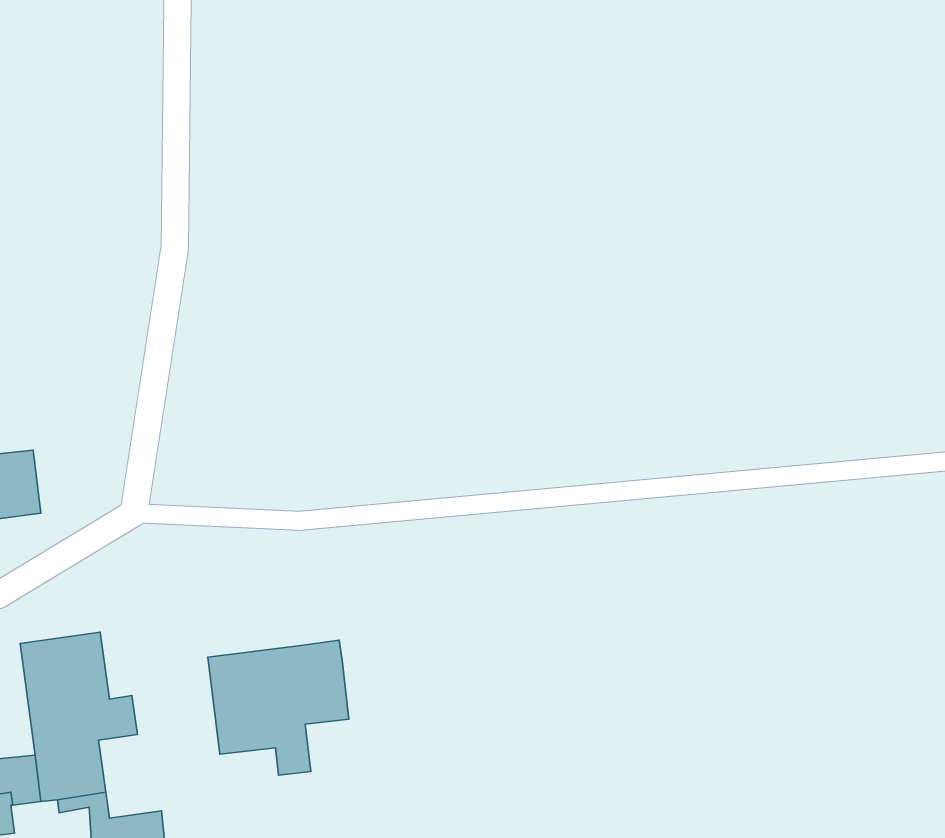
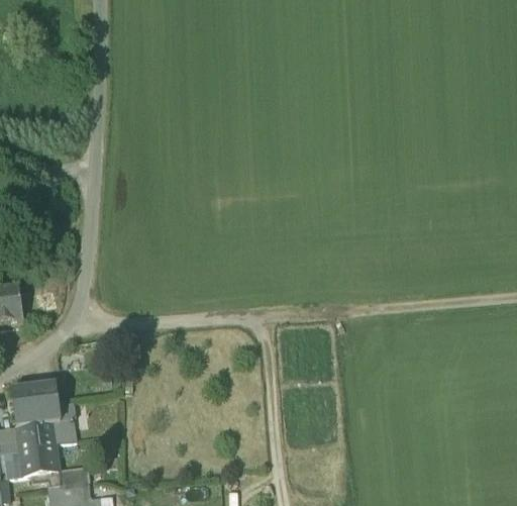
building: [208,640,349,775] -> none

